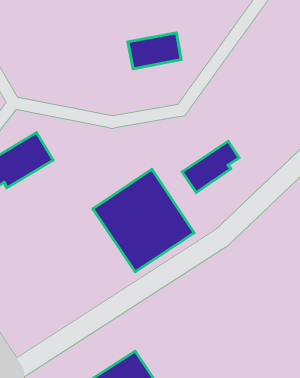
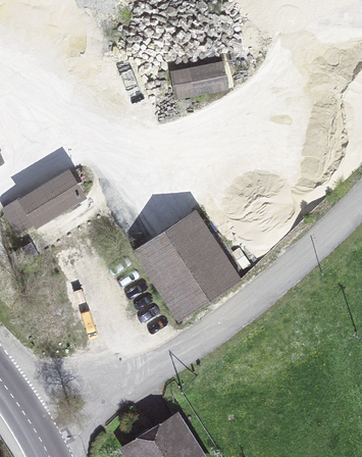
building: [182,141,239,192] -> none

